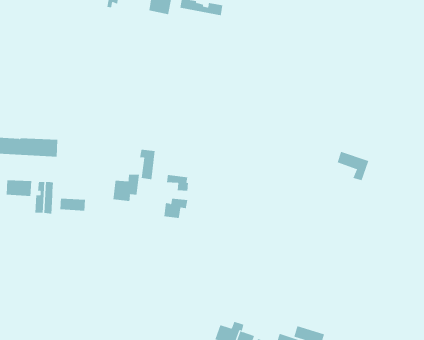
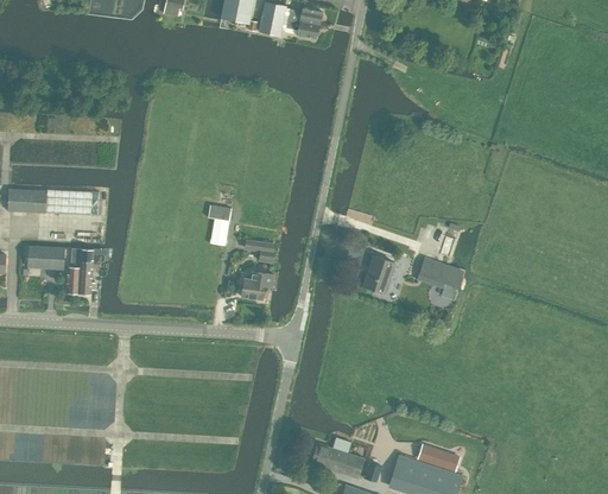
building: none -> [259,14,319,39]
building: [337,151,369,181] -> [419,259,463,299]
building: [113,174,140,202] -> none
building: none -> [363,255,393,292]
building: [60,198,85,212] -> none

